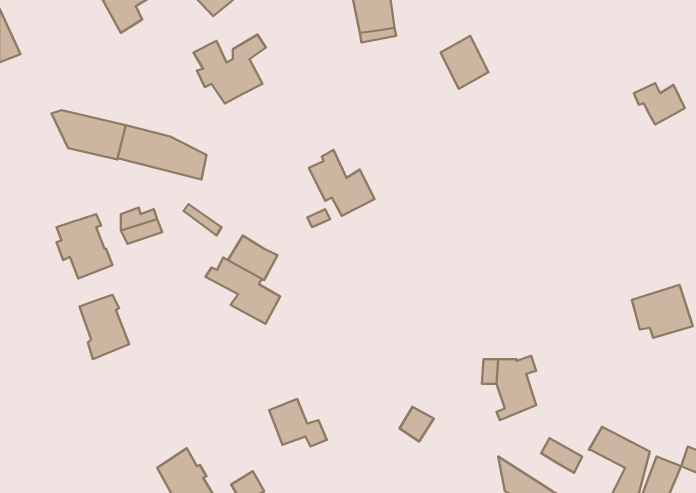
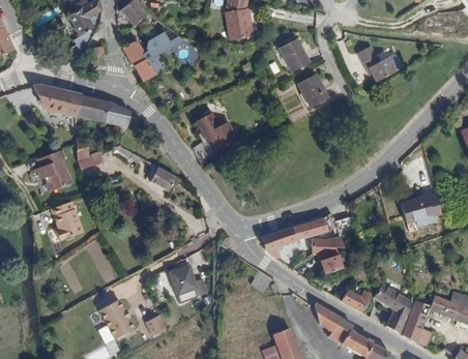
building: [634,83,685,125] -> [362,55,394,81]
building: none -> [297,74,327,108]
building: [205,258,280,324] -> none
building: none -> [263,213,351,260]

